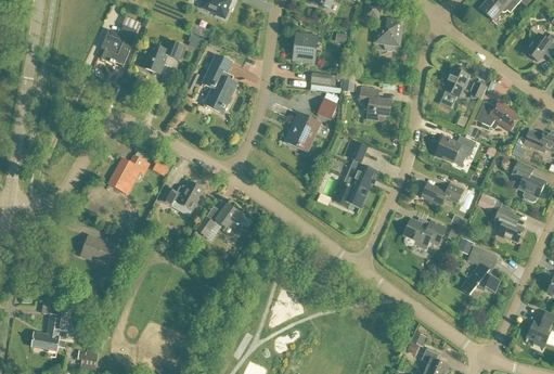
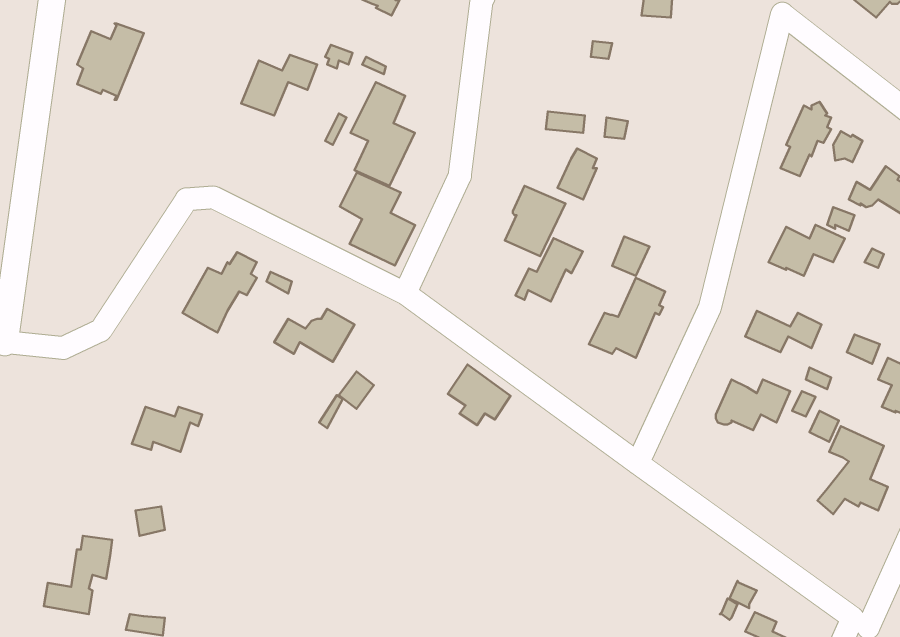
building: [374,17,402,50] -> none
building: [101,24,138,66] -> [77,23,144,100]
building: [294,33,317,62] -> none
building: [359,86,391,120] -> none
building: none -> [340,172,415,266]
building: none -> [515,238,583,301]
building: [216,203,250,236] -> [448,365,510,425]

